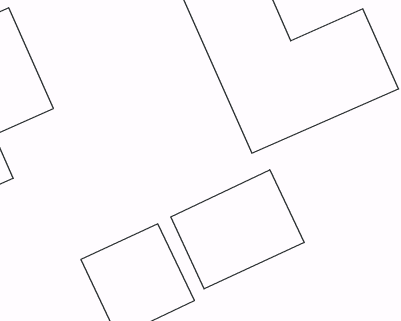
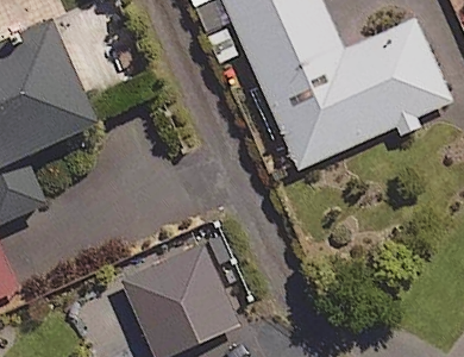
building: [171,170,304,289] -> none

